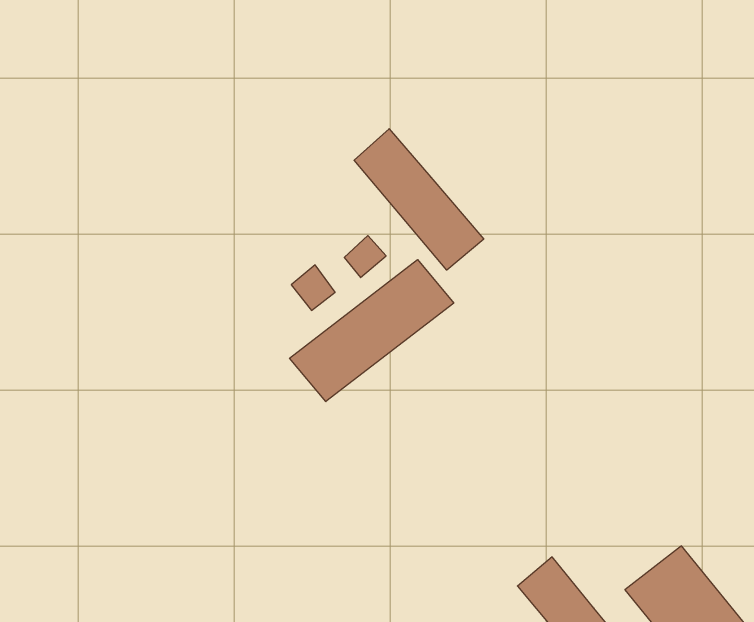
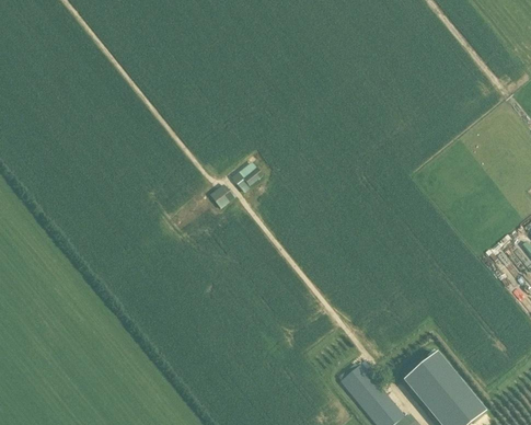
building: [354,129,484,270] -> none
building: [290,260,454,402] -> none

